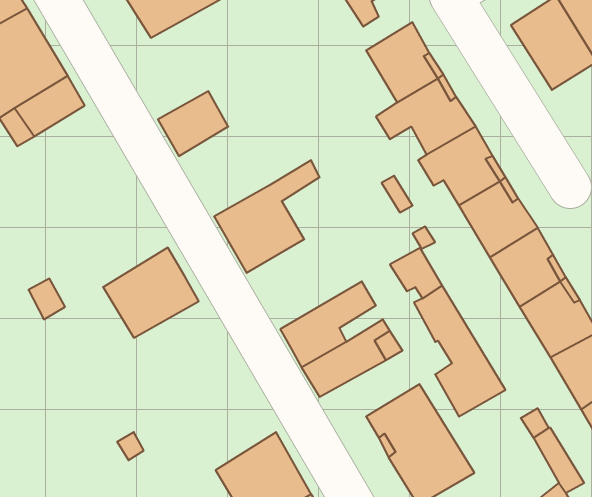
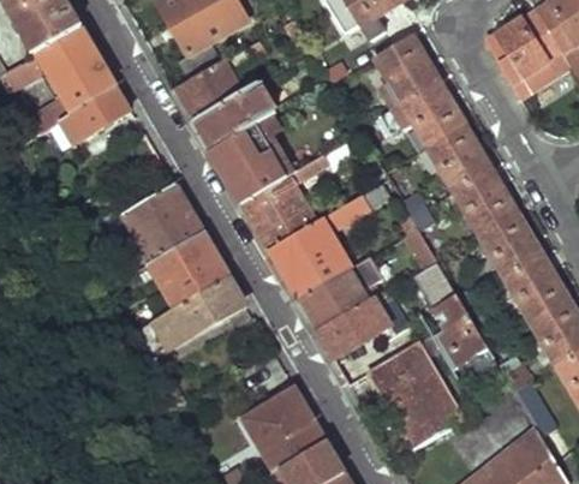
building: none -> [175,38,265,119]
building: none -> [213,114,290,202]
building: none -> [120,181,203,262]
building: none -> [270,184,390,298]
building: none -> [124,274,244,359]

